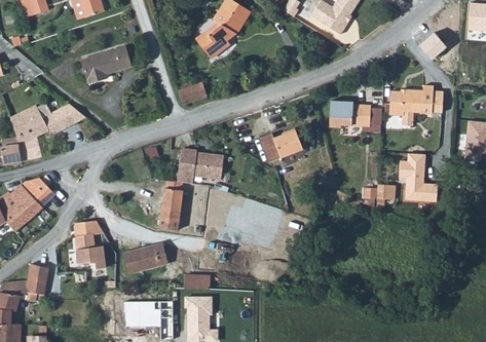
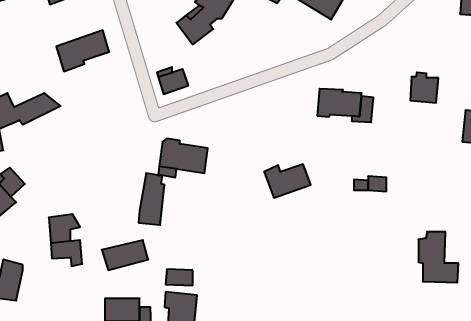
building: [417,32,445,60] -> none
building: [389,88,418,125] -> none
building: [258,127,302,159] -> [264,164,311,198]
building: [400,153,438,201] -> [418,232,458,283]

